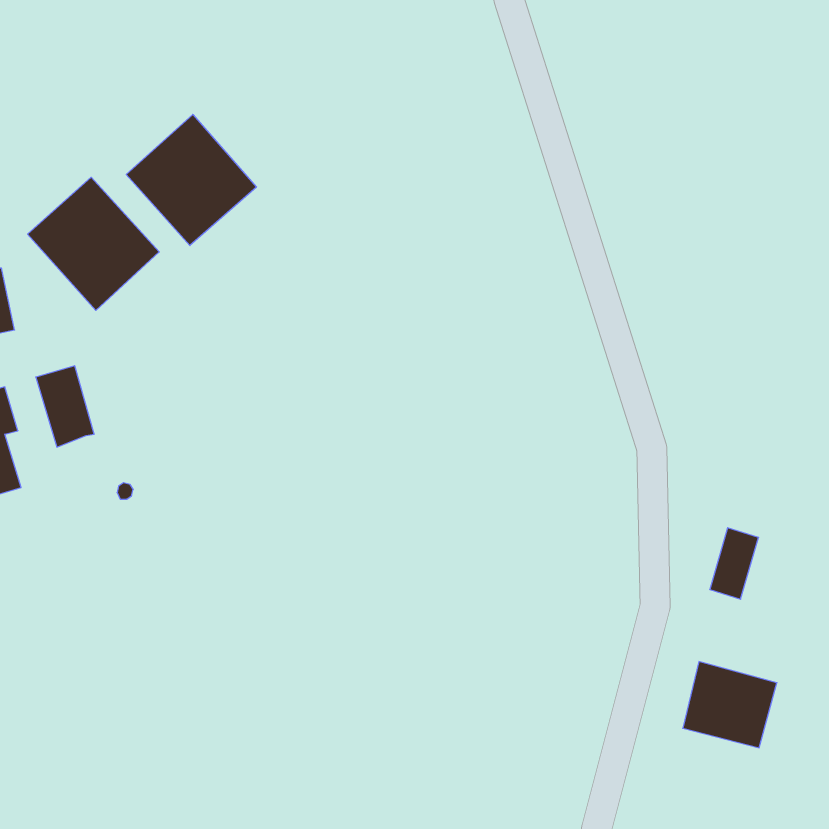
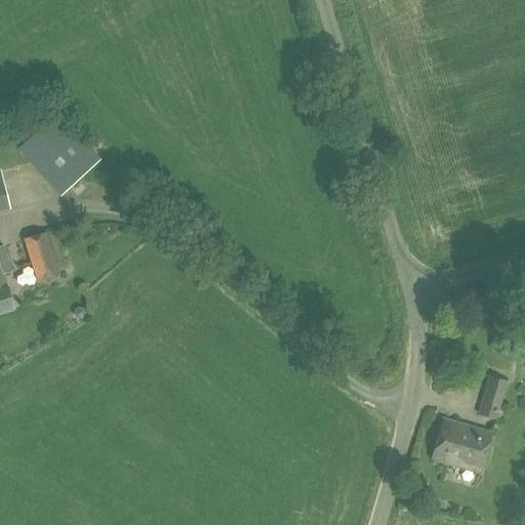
building: [126,114,256,246] -> none
building: [710,528,759,599] -> [477,374,508,419]

